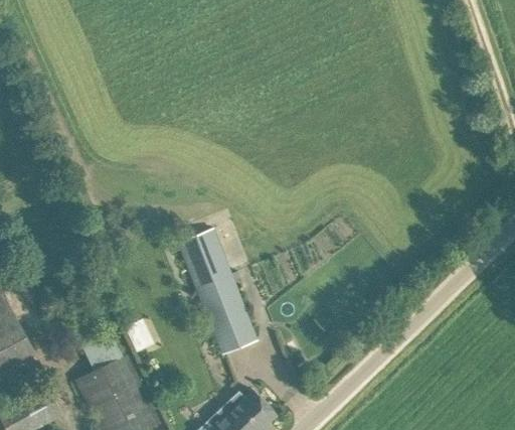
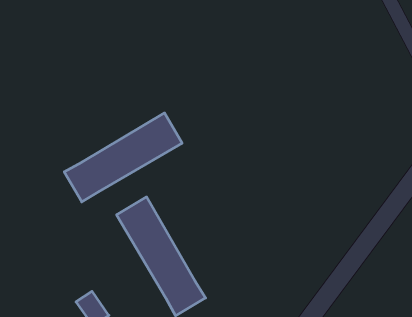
building: none -> [64,113,182,202]

